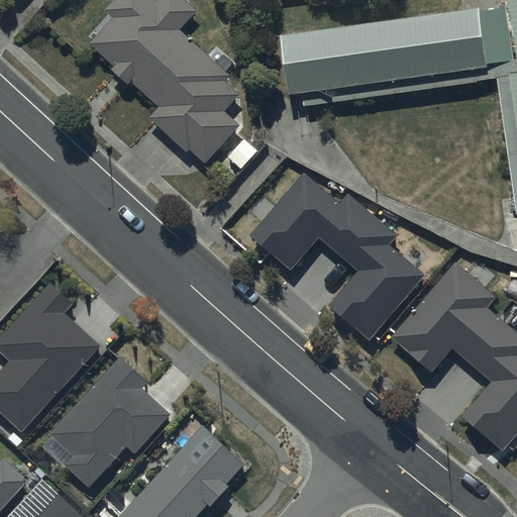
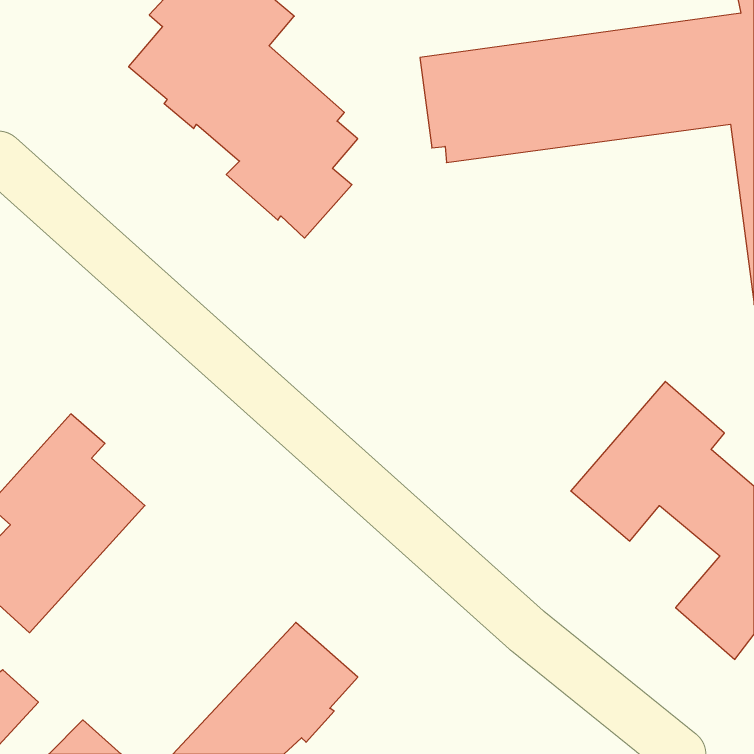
building: [249,172,423,339] -> none
building: [48,356,170,487] -> none

